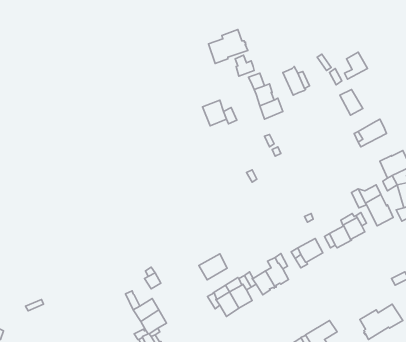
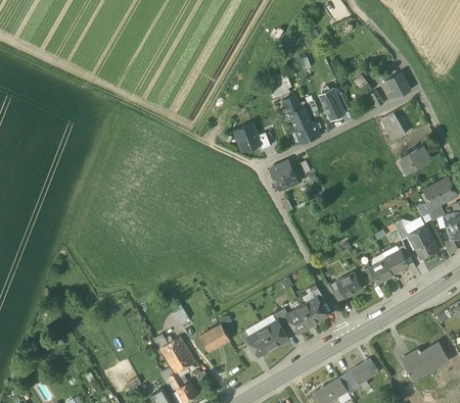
building: [209,30,248,64] -> none
building: none -> [270,162,297,191]
building: [199,254,227,280] -> [199,324,230,352]

